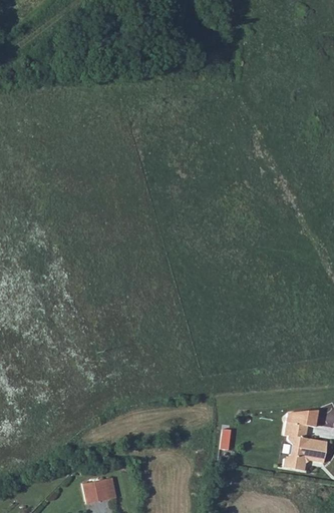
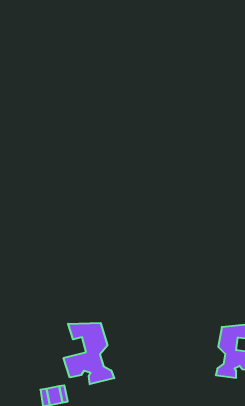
building: none -> [64,323,114,384]

